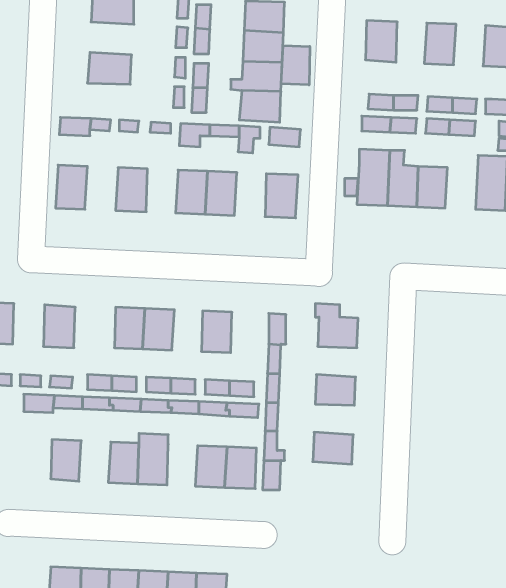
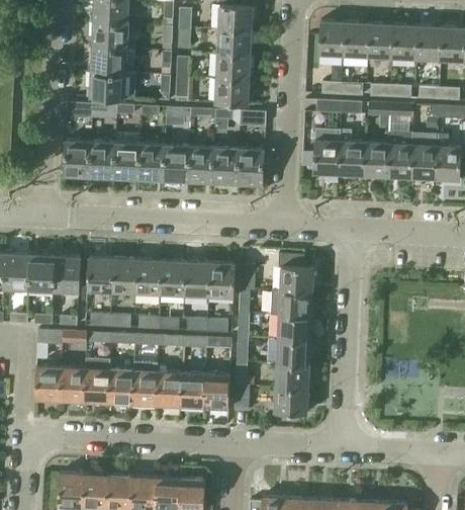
building: none -> [92,22,128,50]
building: none -> [345,22,370,57]
building: none -> [392,24,418,59]
building: [281,45,310,85] -> none
building: none -> [89,73,135,100]
building: none -> [385,132,412,177]
building: none -> [89,142,115,178]
building: none -> [138,144,165,180]
building: none -> [211,147,238,183]
building: none -> [28,255,55,290]
building: none -> [86,257,113,291]
building: none -> [160,260,185,294]
building: none -> [208,262,234,296]
building: none -> [271,289,312,316]
building: none -> [277,338,310,363]
building: none -> [83,359,109,403]
building: none -> [35,366,61,400]
building: none -> [156,371,181,406]
building: none -> [275,386,308,412]

